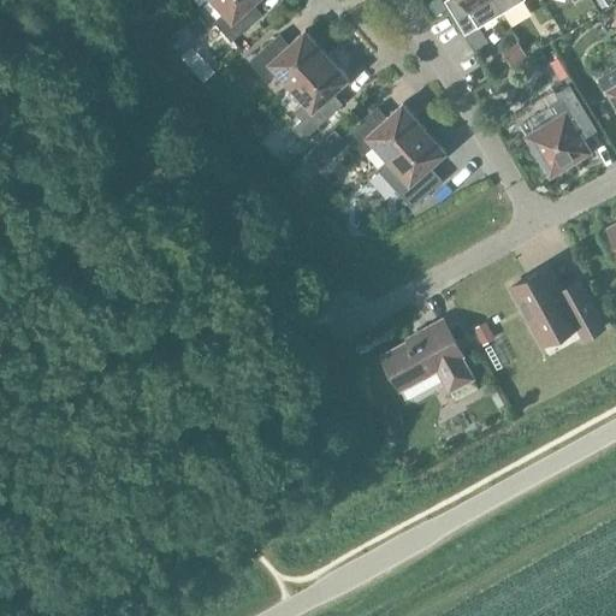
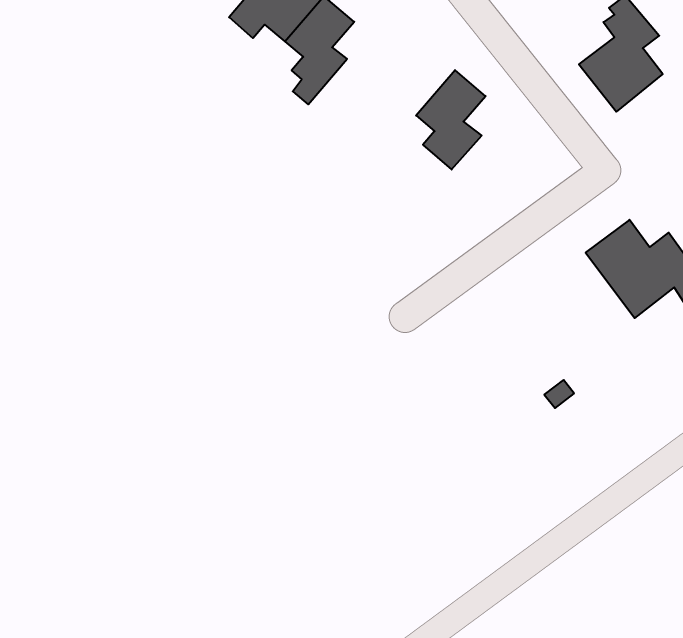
building: [346,103,425,160] -> none
building: [381,322,473,390] -> none

